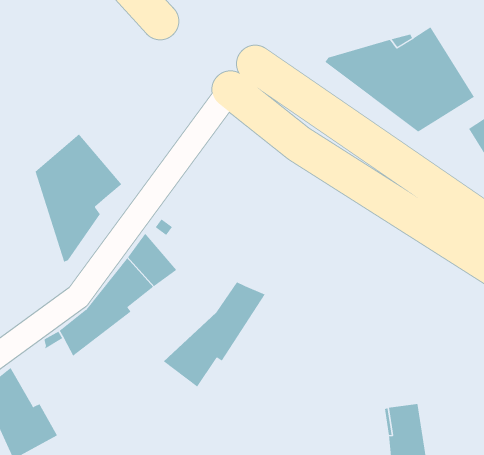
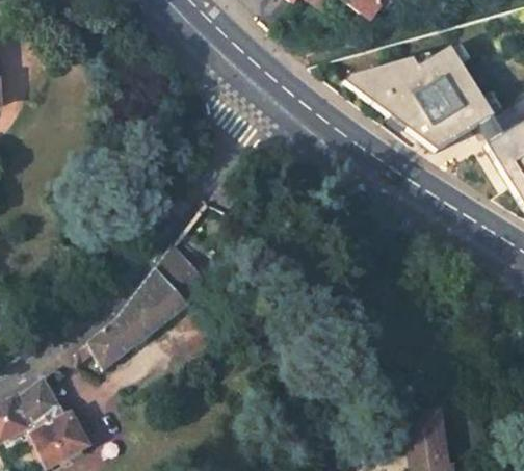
building: [35,134,122,263] -> none
building: [163,282,265,388] -> none

